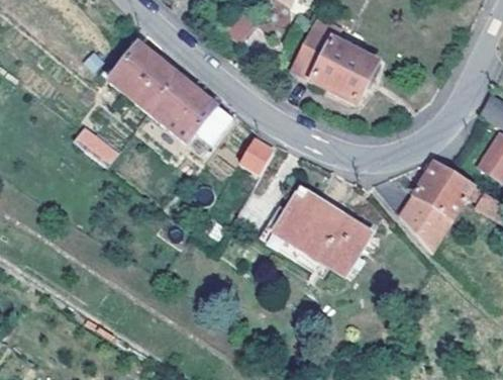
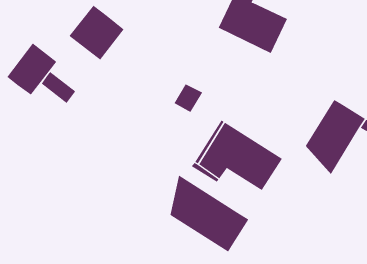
building: [147,73,233,144] -> none
building: none -> [6,43,57,95]
building: none -> [170,174,249,252]

